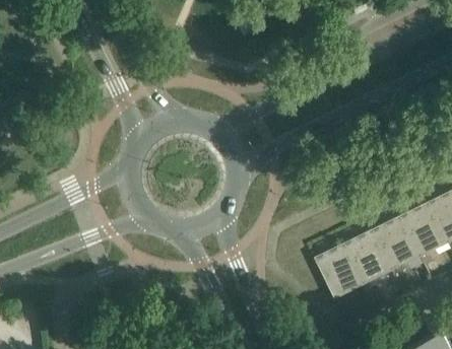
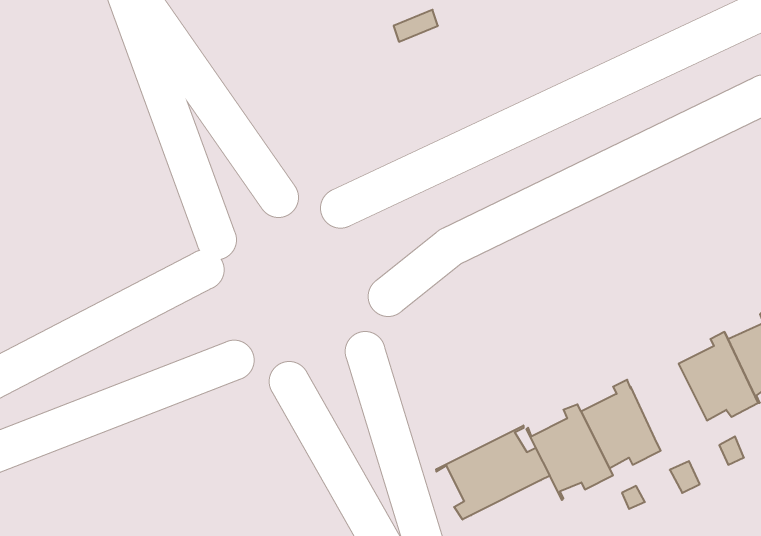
building: [375,215,421,266] -> none
building: none -> [436,425,550,520]

